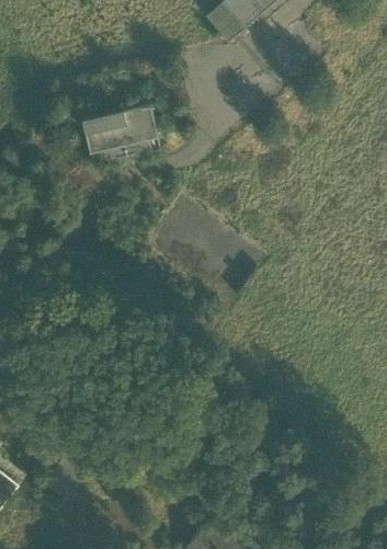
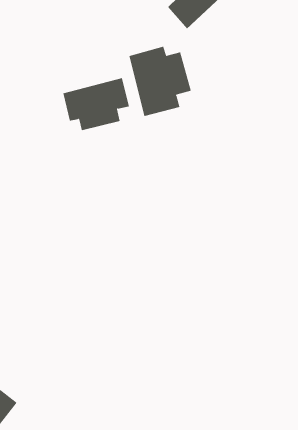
building: none -> [129,46,192,117]

